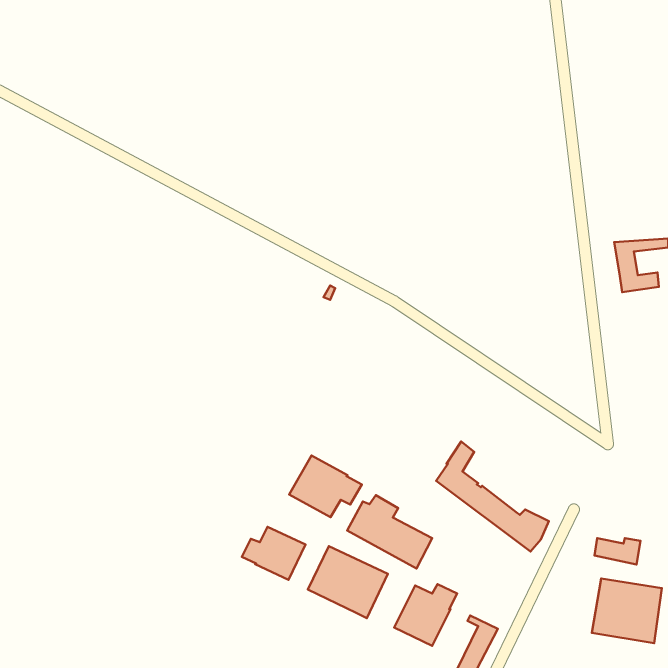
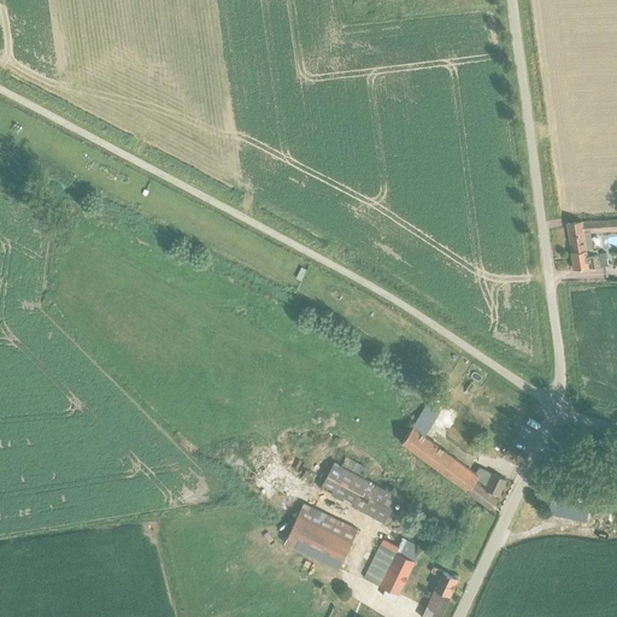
building: [289,455,362,517] -> none
building: [242,527,306,580] -> none
building: [592,579,662,643] -> none

